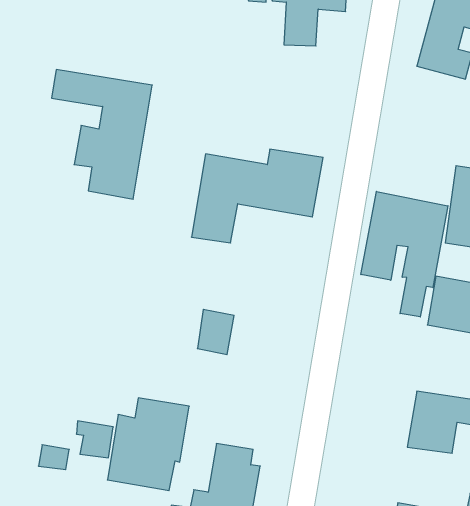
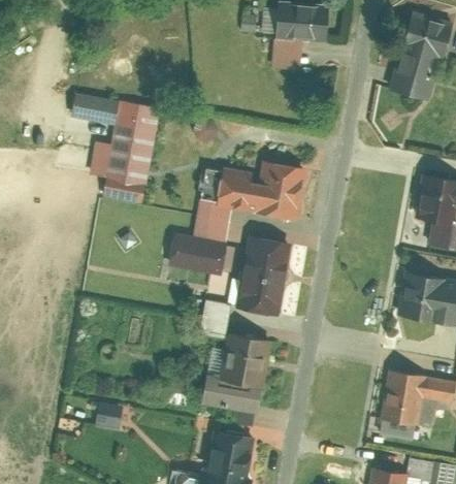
building: [361,191,448,317] -> none
building: none -> [168,234,293,316]
building: [107,398,189,491] -> [201,333,272,414]

